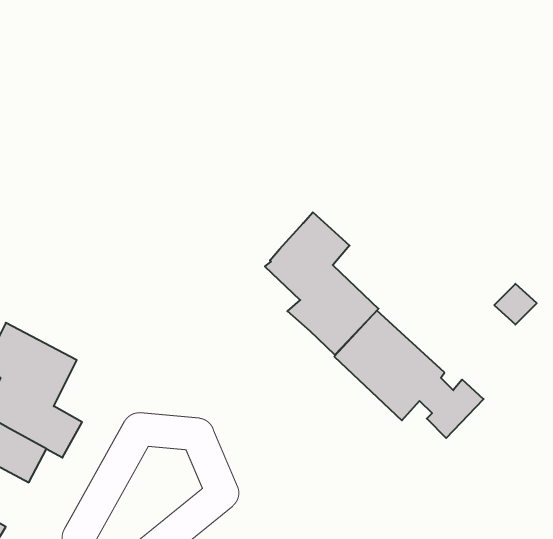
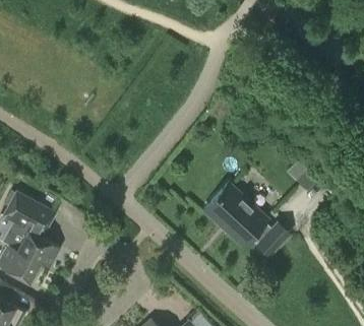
building: [265,212,379,355] -> none

